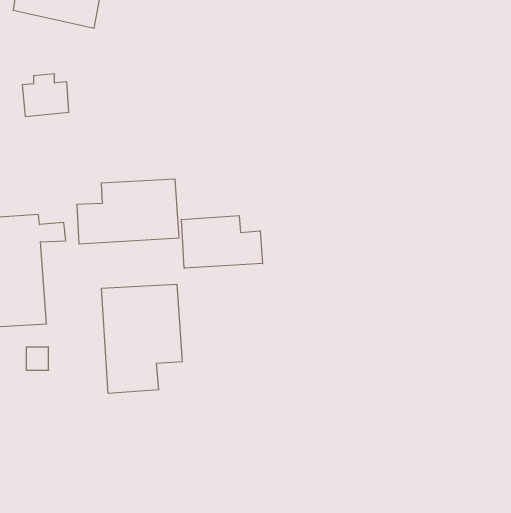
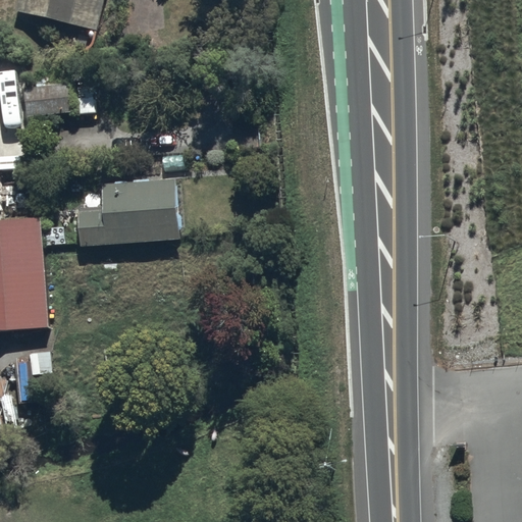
building: [182,216,262,268] -> none
building: [102,284,182,393] -> none

